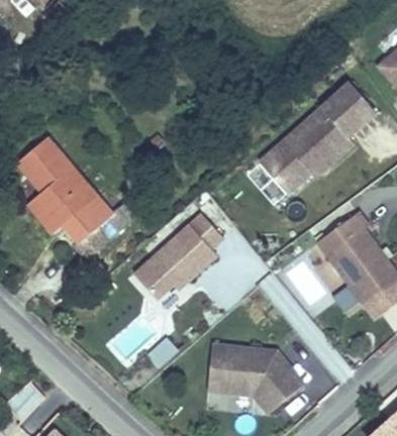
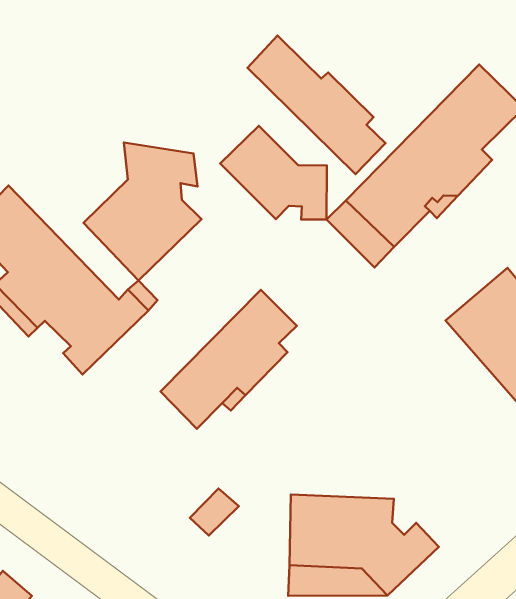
building: none -> [248,36,386,174]
building: none -> [220,126,327,220]
building: none -> [84,142,201,281]

